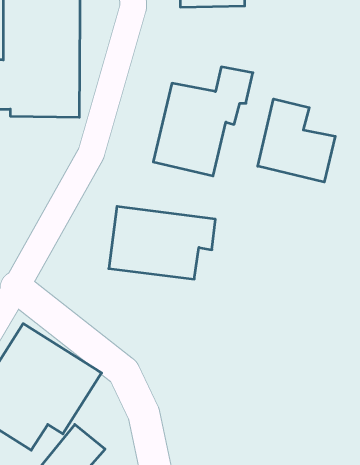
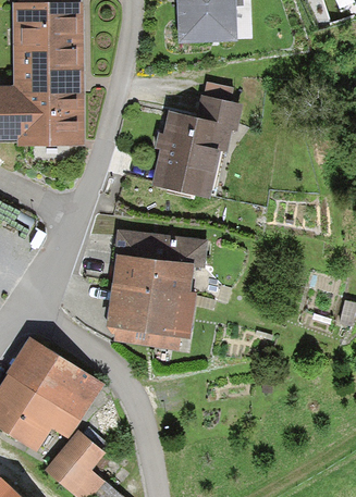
building: [258,99,335,182] -> none
building: none -> [105,285,195,349]

